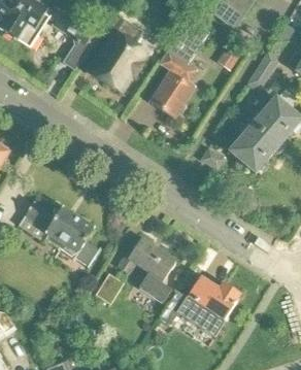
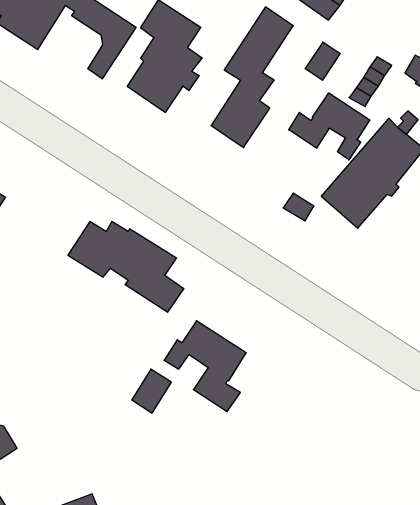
building: none -> [289,93,370,160]
building: [18,201,99,265] -> [68,221,184,312]
building: [159,276,239,335] -> none

